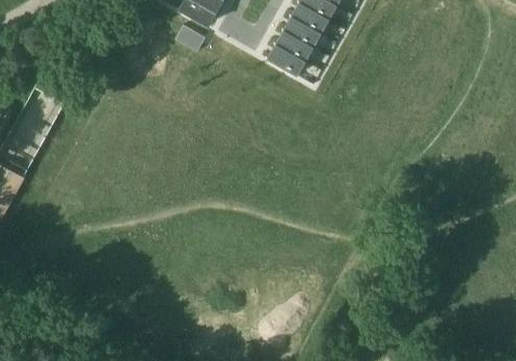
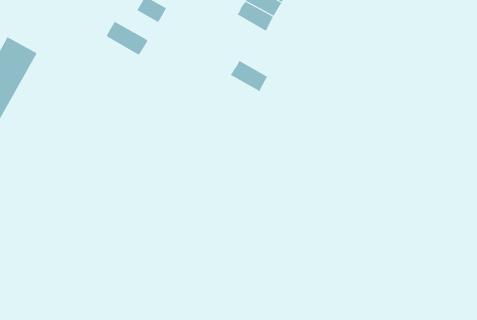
building: [266,44,305,76] -> [229,60,269,92]
building: none -> [105,21,149,56]

